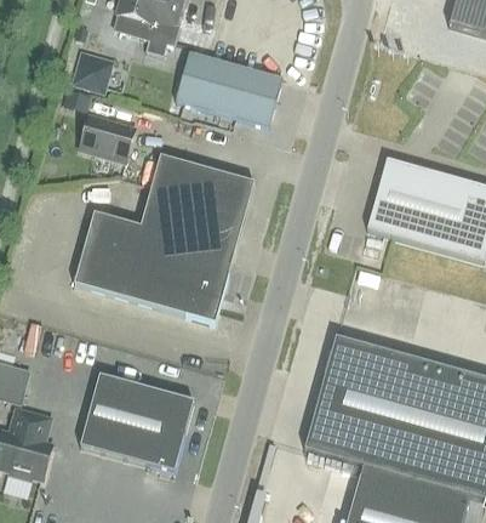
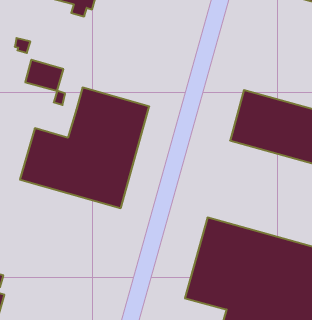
building: [72,52,112,92] -> none
building: [175,52,282,125] -> none
building: [79,374,193,471] -> none

